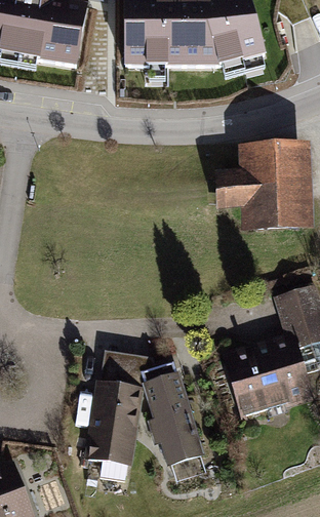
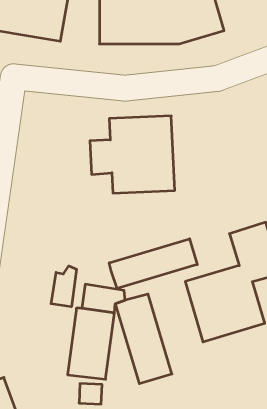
building: [213,141,312,230] -> [90,116,175,193]
building: none -> [109,239,197,289]
building: none -> [51,266,77,307]

